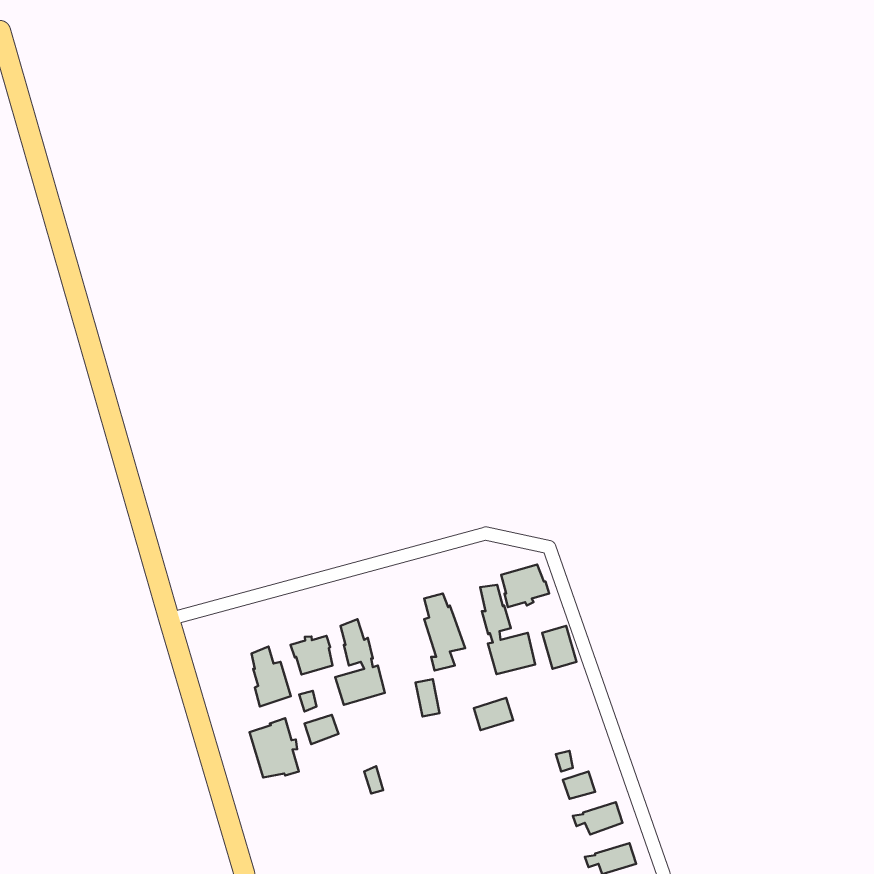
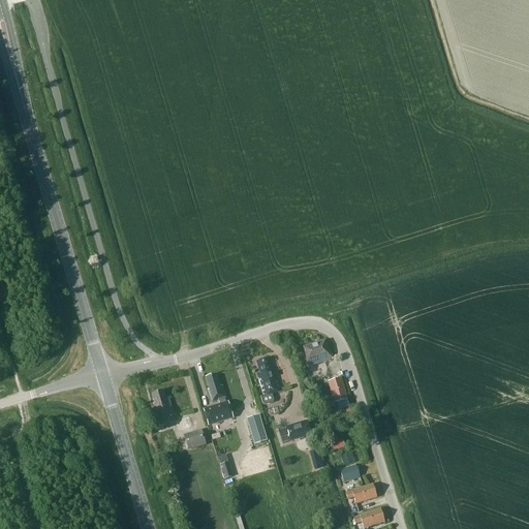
building: [480,585,535,674] -> none
building: [291,636,332,675] -> none
building: [250,718,299,777] -> none

